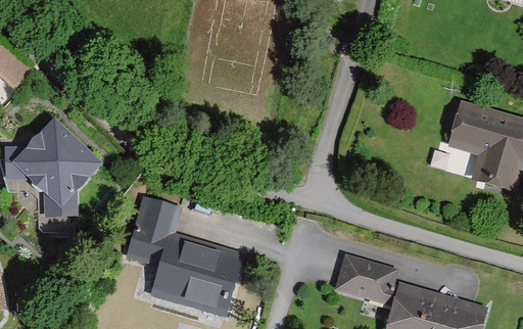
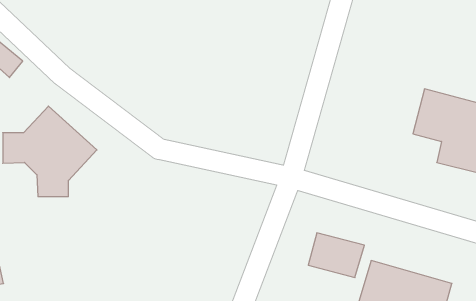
building: [124,193,252,321] -> none

